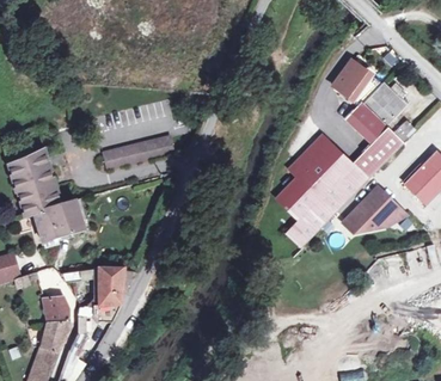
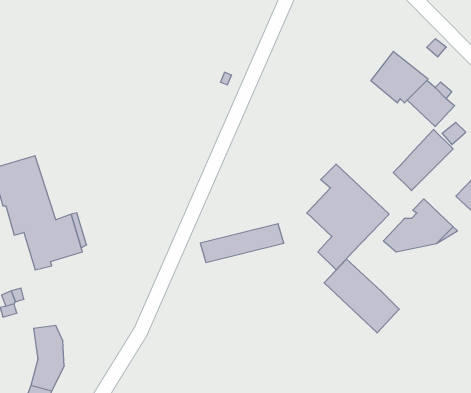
building: [343,100,386,145] -> none
building: [102,136,173,170] -> [200,224,284,263]
building: [302,136,367,199] -> [324,259,399,333]
building: [61,265,124,321] -> none

